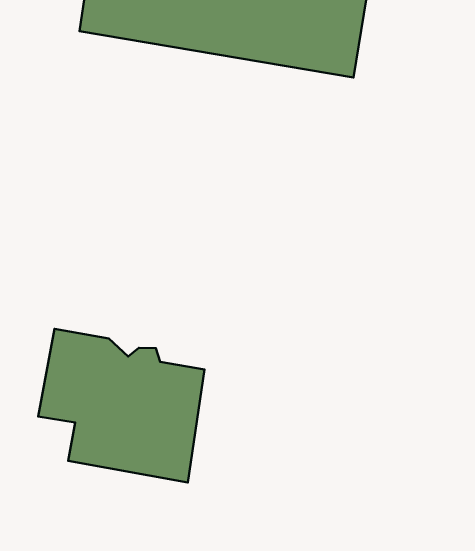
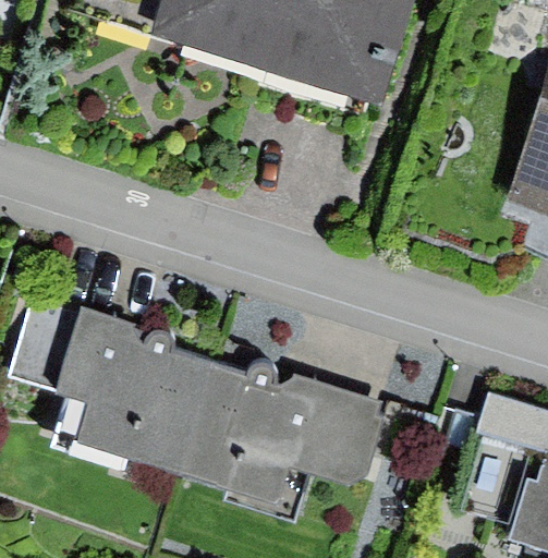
building: none -> [185,361,388,496]

